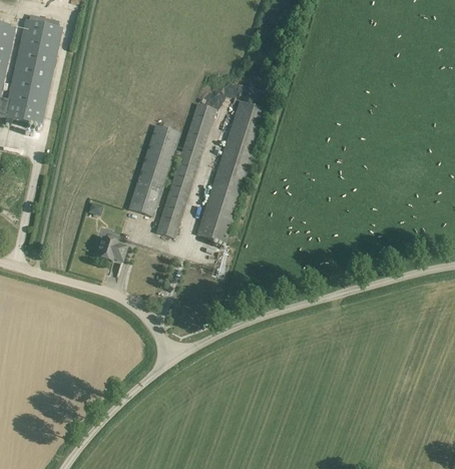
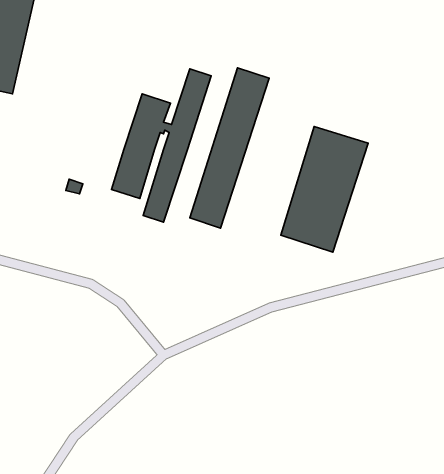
building: none -> [281,127,368,252]
building: [96,236,127,260] -> none

